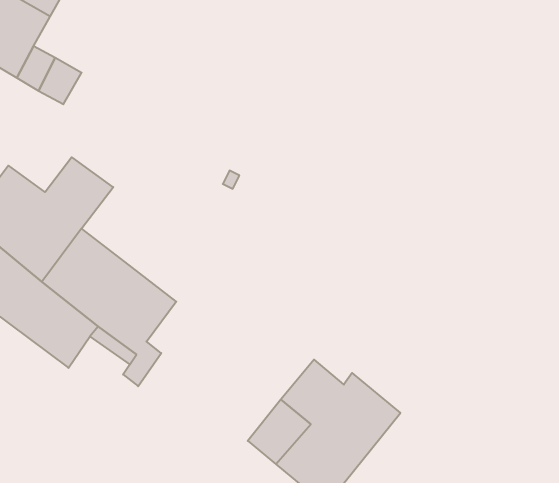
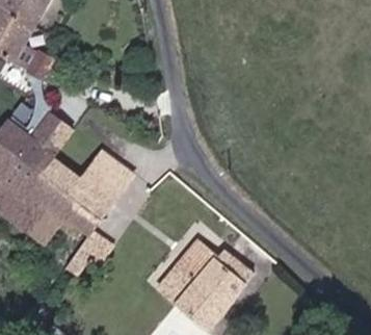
building: none -> [80,153,132,204]

